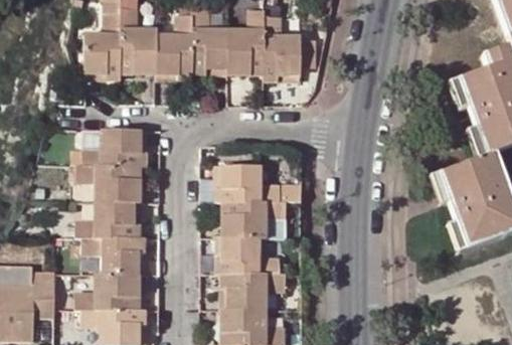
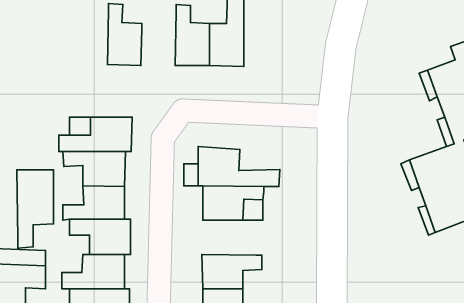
building: [83,15,123,79] -> none
building: [157,16,194,79] -> none
building: [266,18,302,81] -> none
building: none -> [17,170,54,248]
building: [215,235,279,274] -> none

